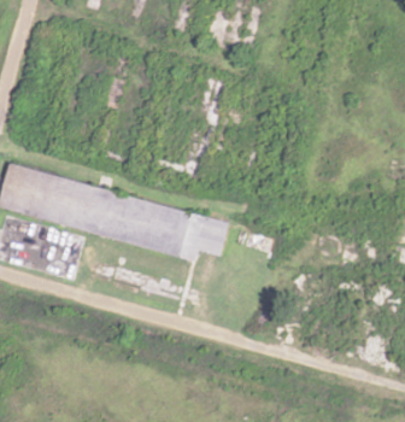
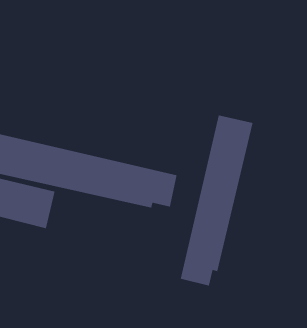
building: none -> [180,115,254,286]

